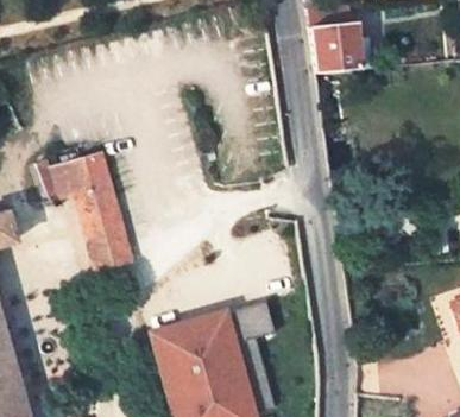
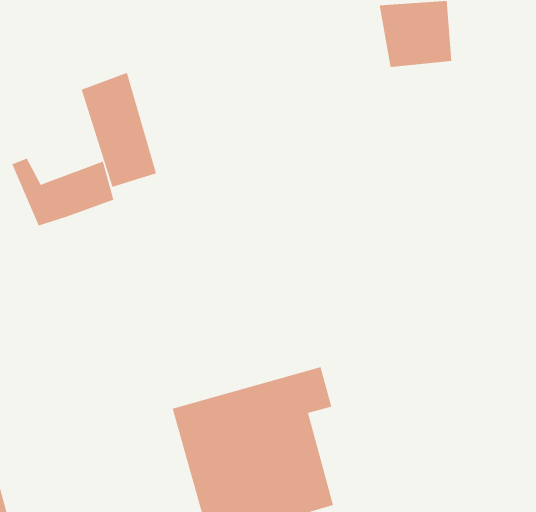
building: [74,173,132,261] -> [81,72,157,187]

